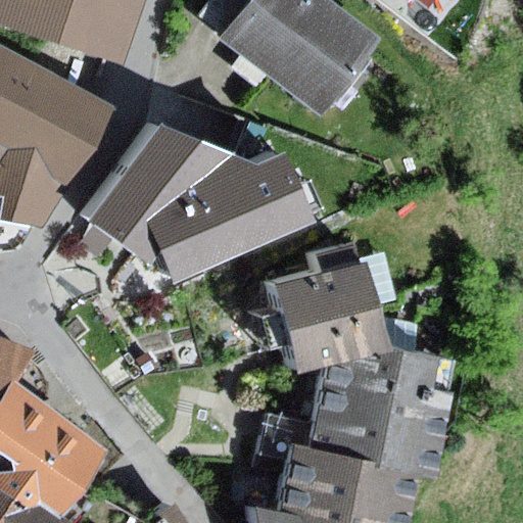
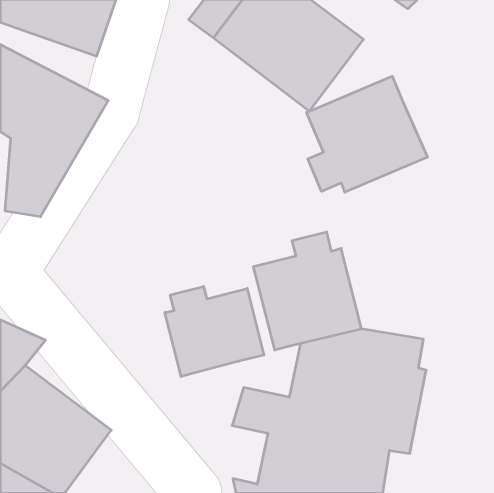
building: none -> [307,76,427,192]
building: [80,123,303,282] -> none
building: none -> [165,286,264,377]

